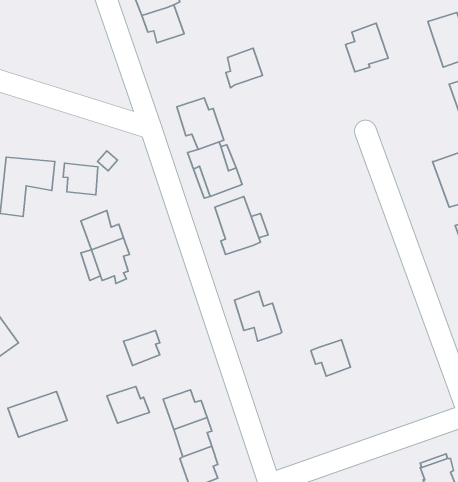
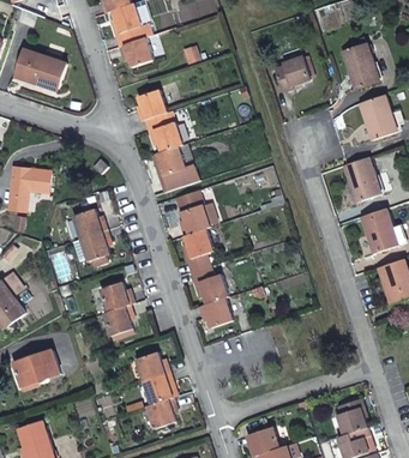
building: none -> [16,48,65,89]
building: [226,48,262,88] -> [137,94,166,125]
building: [63,163,98,195] -> none
building: none -> [182,231,212,275]
building: [311,340,350,376] -> [202,301,233,330]
building: [107,387,150,423] -> [97,277,131,306]

